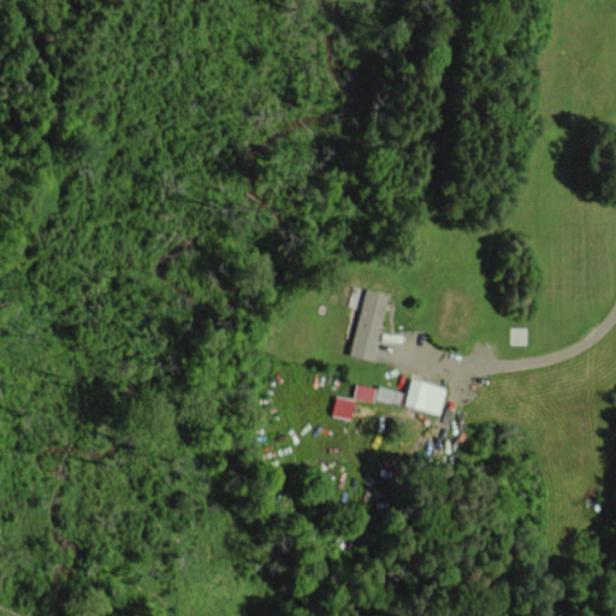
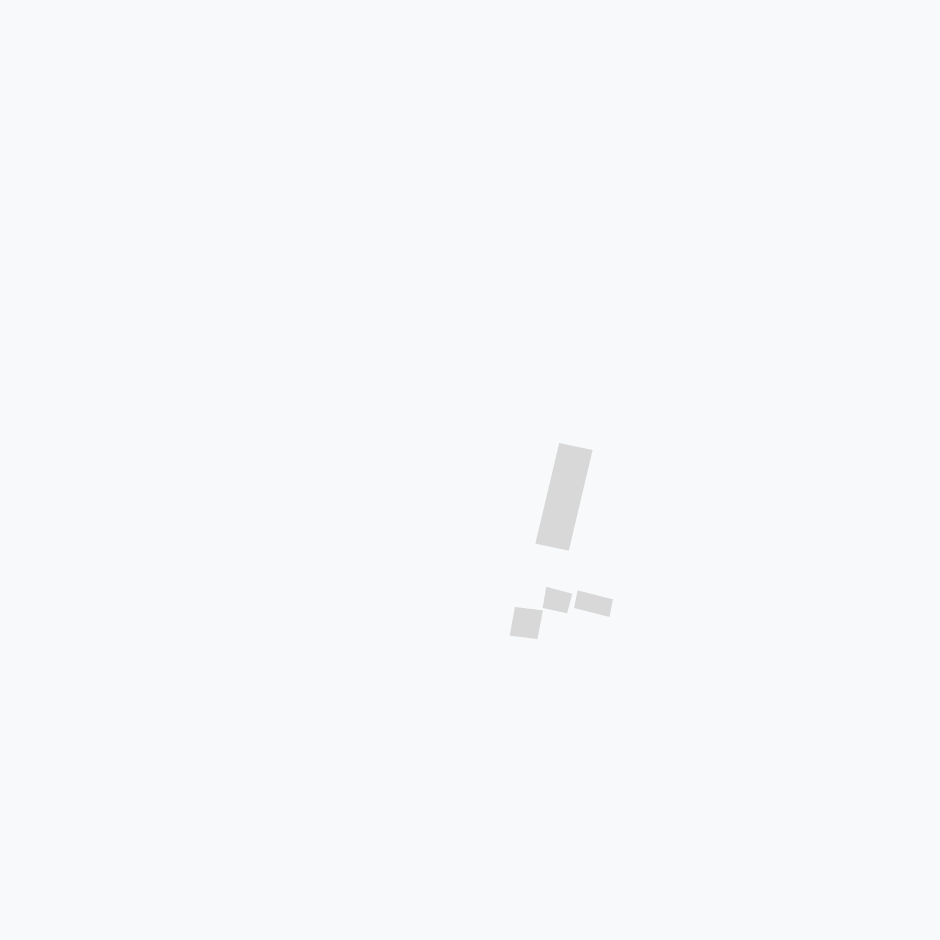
building: [404,379,446,415] -> none

